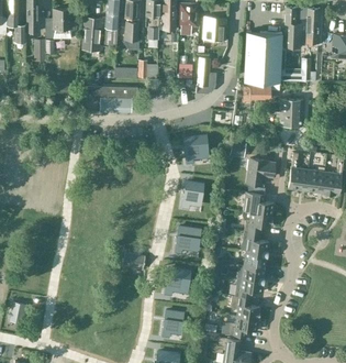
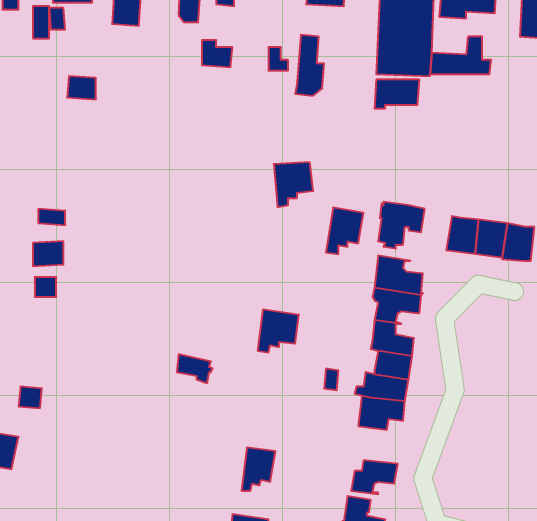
building: [100,87,137,112] -> none
building: [280,98,303,125] -> none
building: [180,180,203,209] -> [326,207,364,254]
building: [165,268,190,295] -> none
building: [231,297,260,320] -> none

